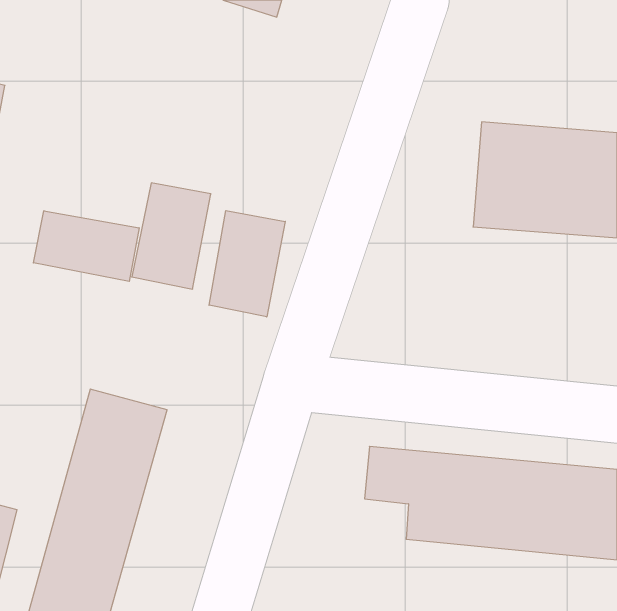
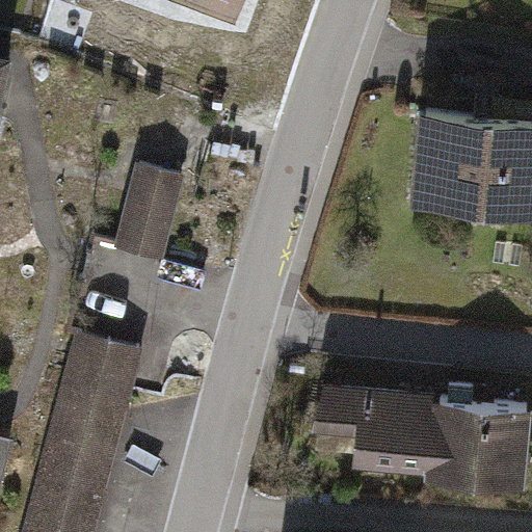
building: [209,211,285,317] -> none
building: [33,211,139,281] -> none

